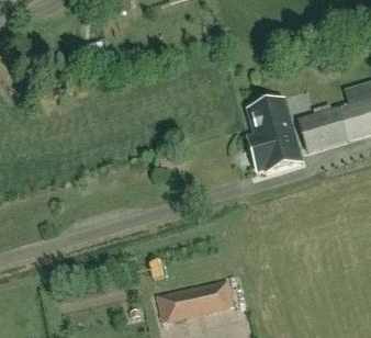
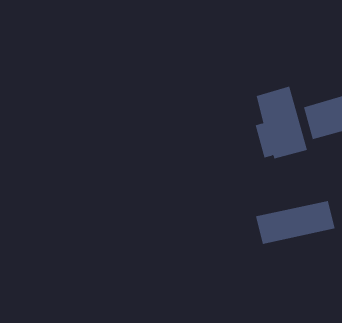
building: [157,279,235,322] -> [255,200,335,244]

